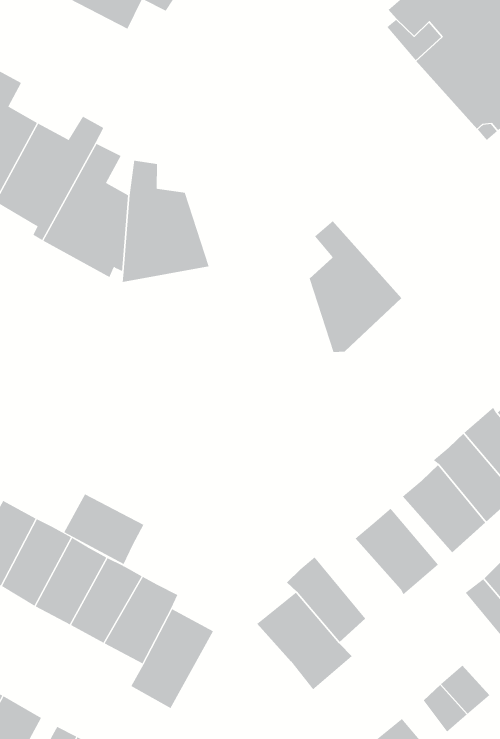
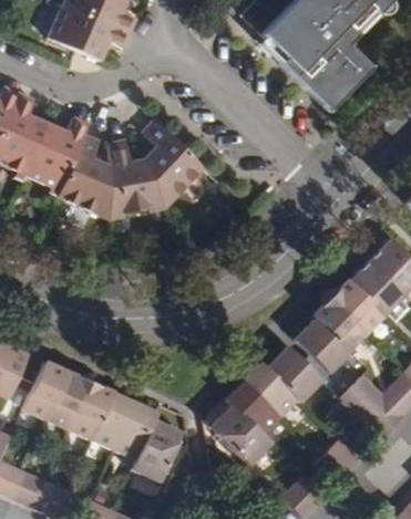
building: [309,220,402,352] -> [144,121,204,204]
building: [63,493,144,565] -> none
building: none -> [244,361,299,417]

